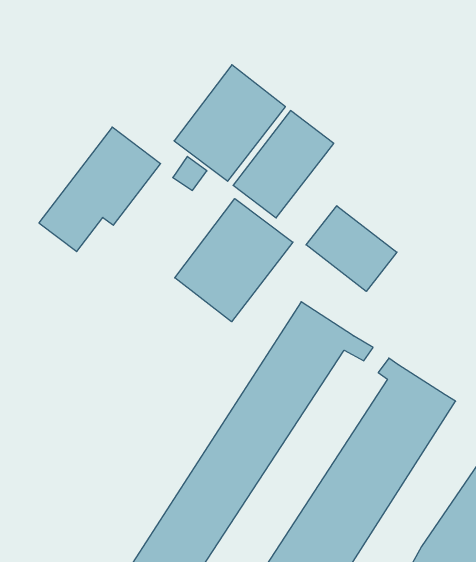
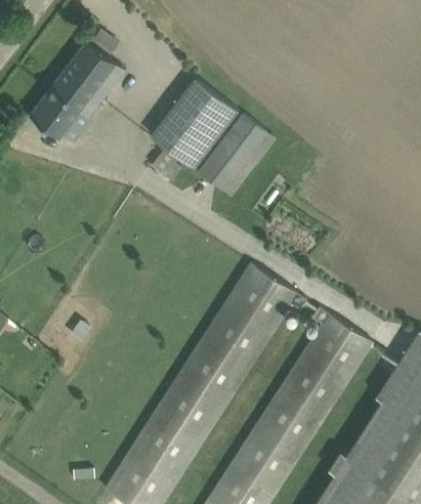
building: [39,127,161,252] -> [30,42,125,139]
building: [175,199,293,322] -> none
building: [306,206,397,291] -> none

